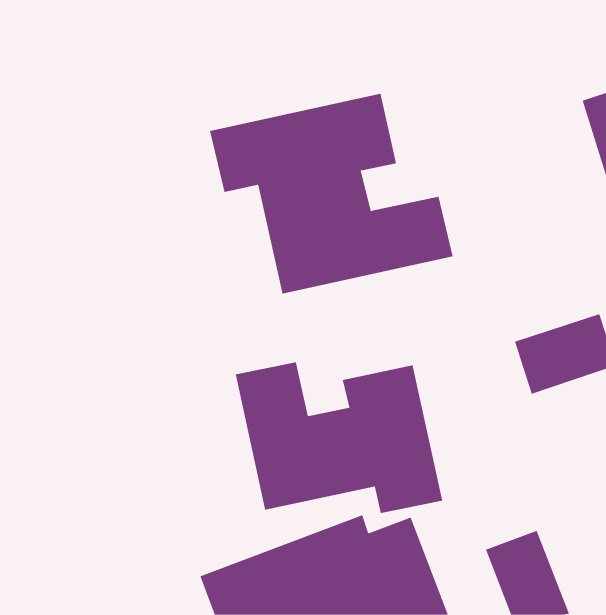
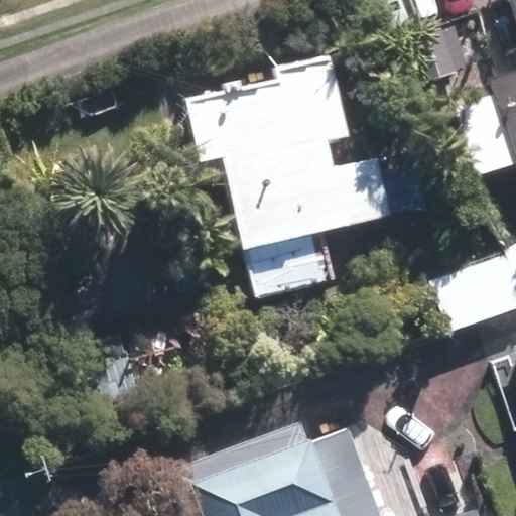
building: [235,362,443,514] -> none

